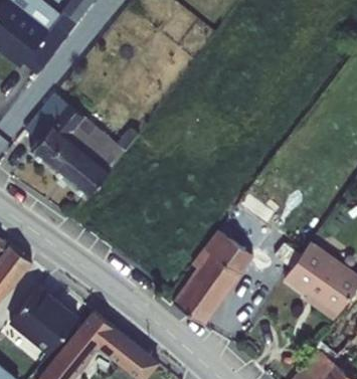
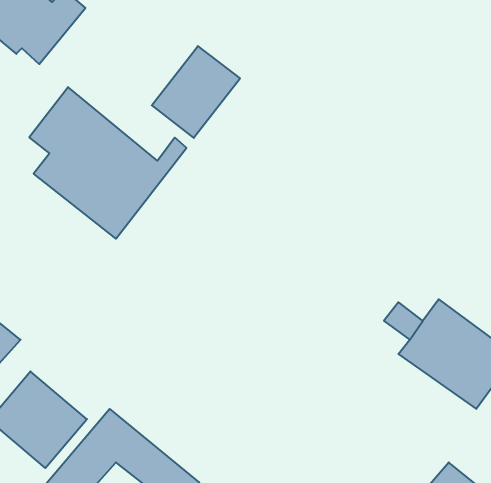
building: none -> [152,46,240,138]
building: [176,210,259,323] -> none

